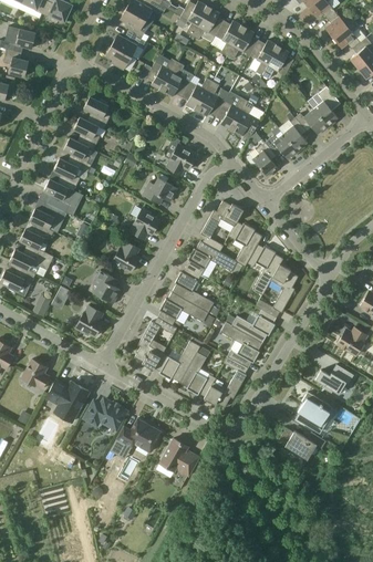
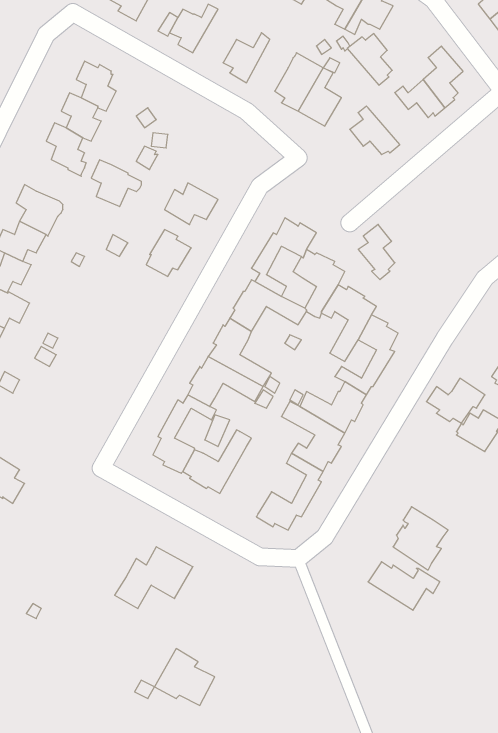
building: [162,62,190,97] -> none
building: [197,82,229,116] -> none
building: [278,117,308,152] -> [347,34,392,85]
building: [164,142,196,175] -> none
building: [252,142,277,178] -> [358,224,395,280]
building: [54,158,87,189] -> [91,160,141,207]
building: [112,241,139,272] -> none
building: [89,270,121,304] -> none
building: [75,305,103,336] -> none
building: [179,352,216,396] -> none
building: [314,364,353,394] -> [426,378,485,423]
building: [45,379,90,416] -> none
building: [85,399,125,428] -> none
building: [159,438,199,476] -> [155,649,215,705]

